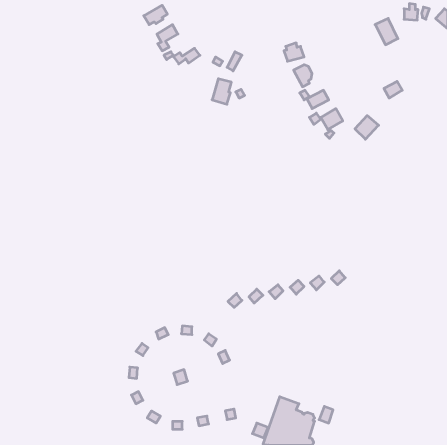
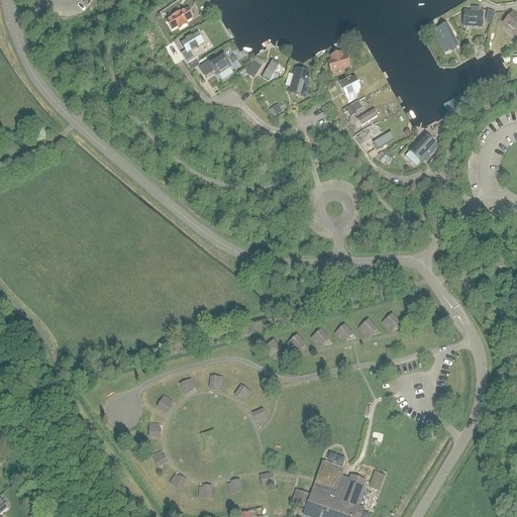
building: [212,79,231,104] -> [289,66,311,95]

